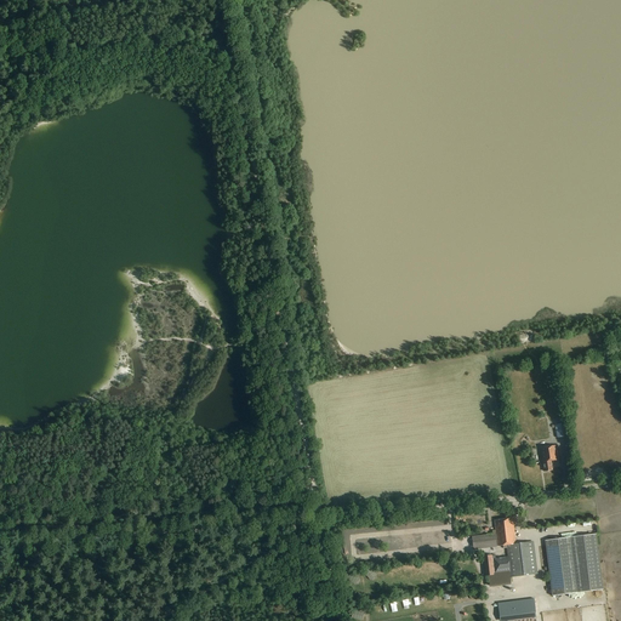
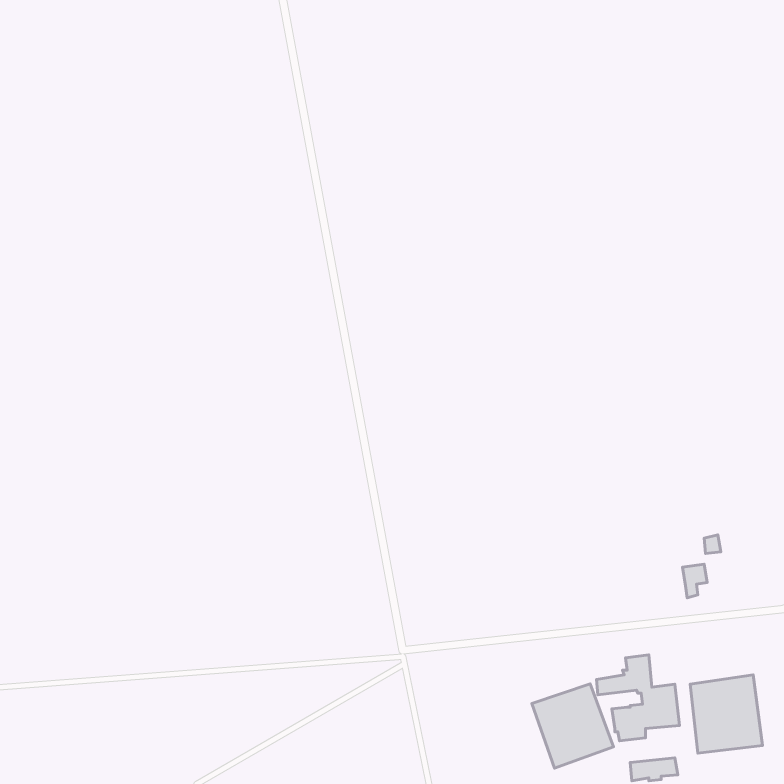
building: none -> [532,684,614,768]

